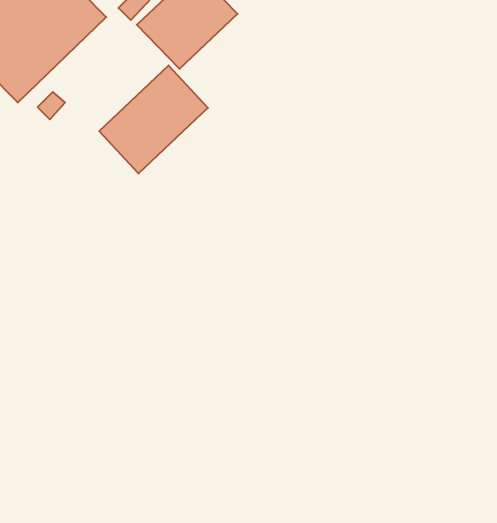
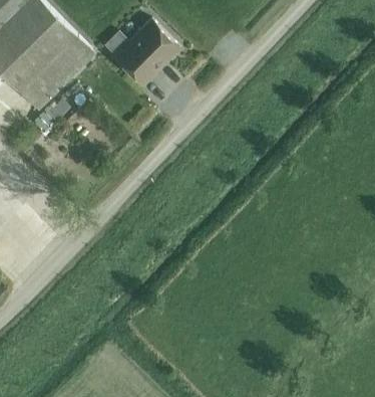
building: [99,65,208,174] -> none

